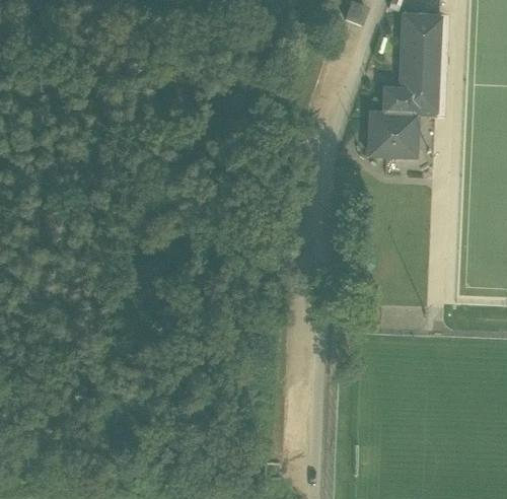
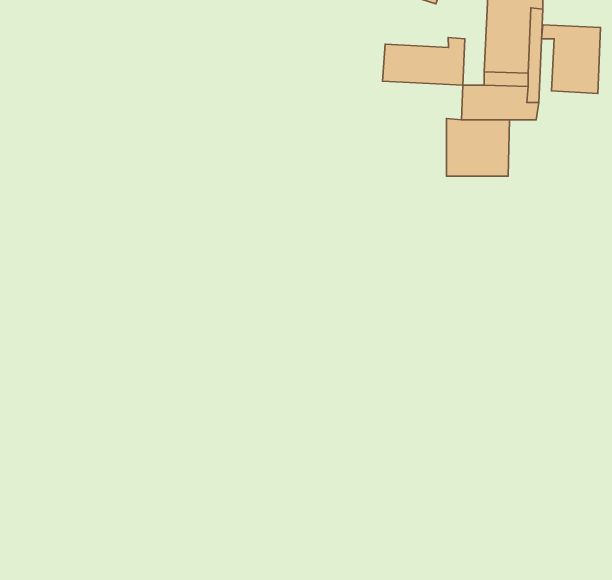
building: none -> [542,25,600,94]
building: none -> [383,37,465,85]

